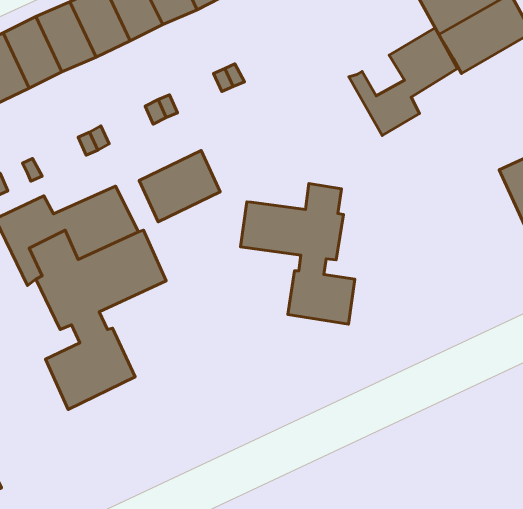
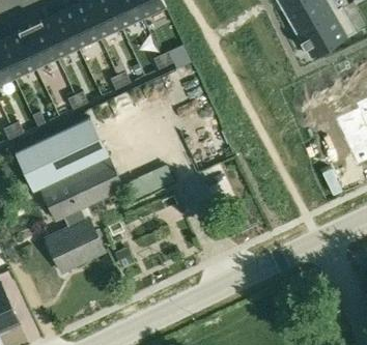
building: [349,28,458,136] -> none
building: [139,150,220,222] -> none
building: [241,183,355,324] -> none

